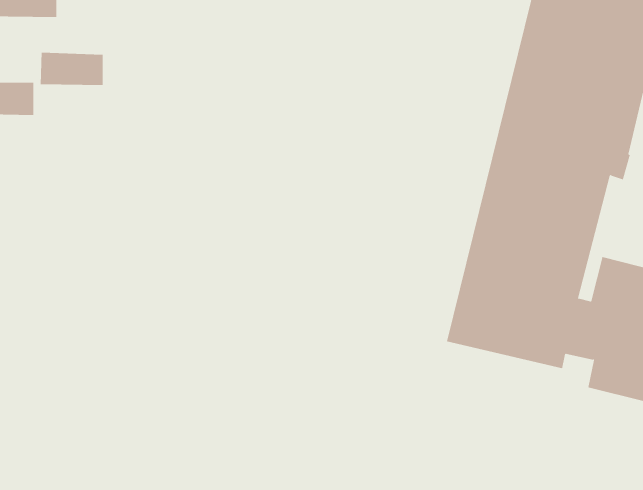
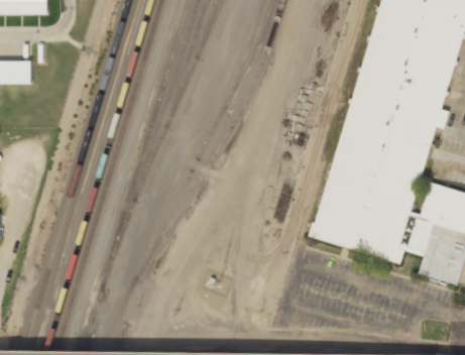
building: [40,52,103,86] -> none

